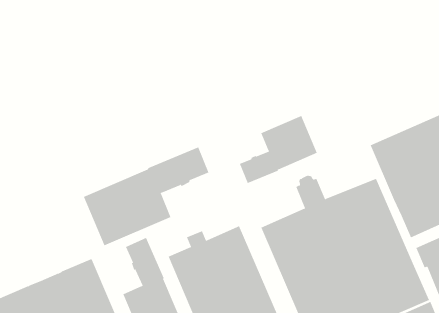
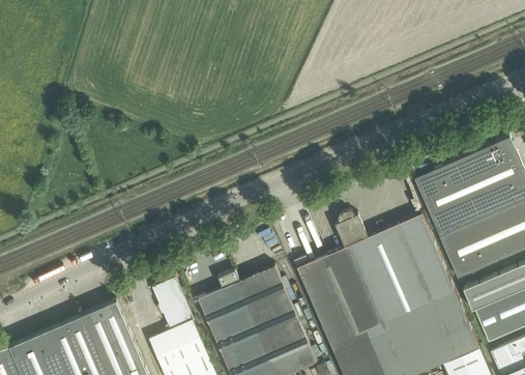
building: [239,115,318,184] -> none
building: [83,146,209,246] -> none

